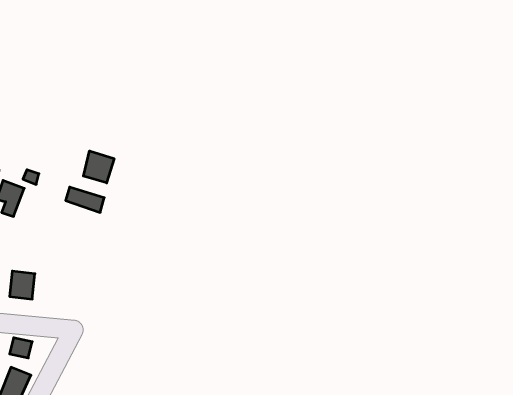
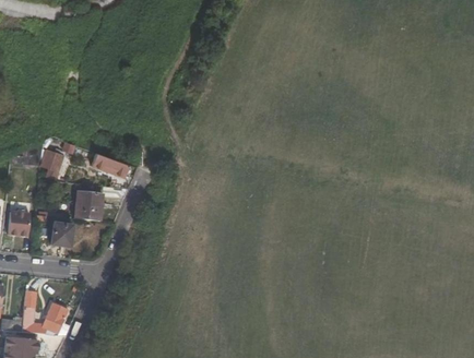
building: [83,151,114,183] -> none
building: none -> [74,192,103,222]

